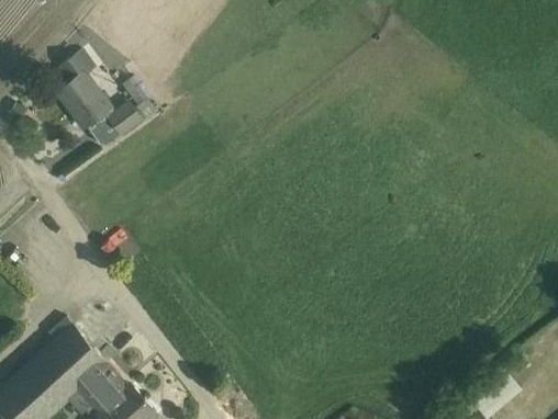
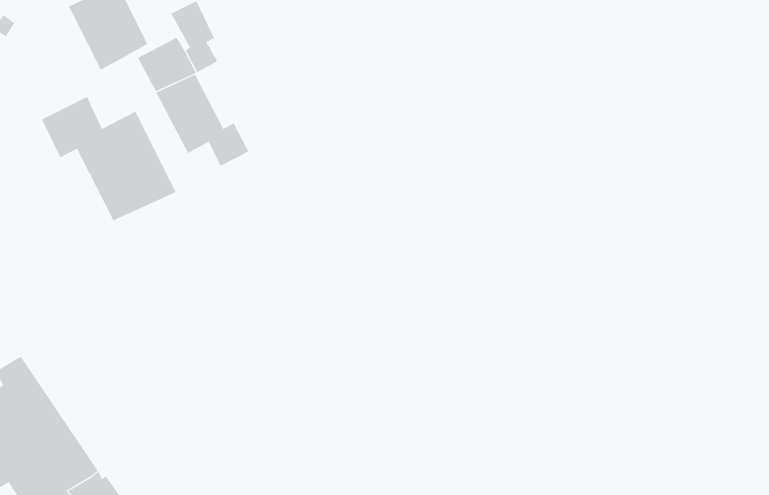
building: none -> [156,74,249,167]
building: none -> [41,96,177,221]

